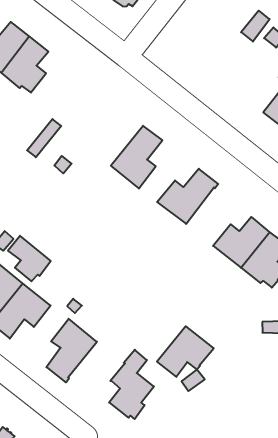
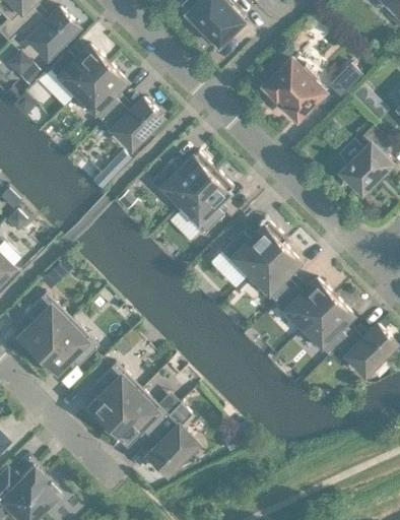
building: none -> [266,60,325,119]
building: none -> [104,100,162,148]
building: none -> [151,153,216,209]
building: none -> [249,245,301,304]
building: [8,236,51,281] -> none
building: [157,326,214,377] -> [107,391,168,443]

